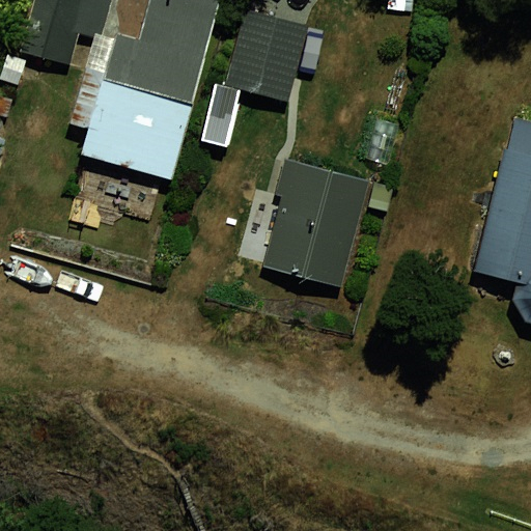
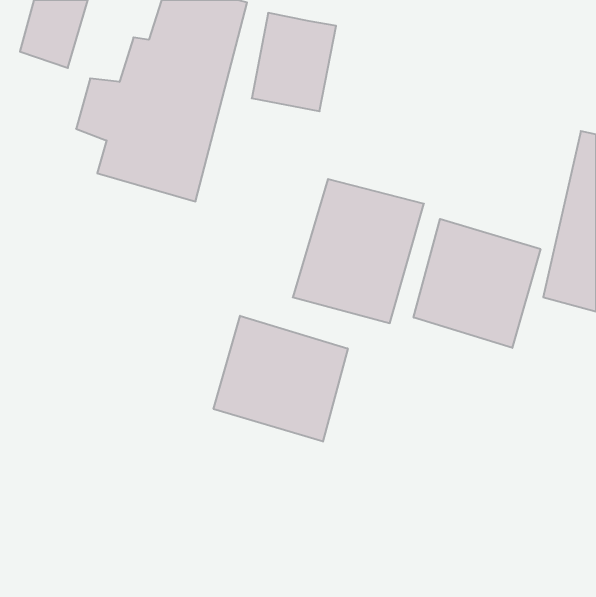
building: none -> [414,219,540,348]
building: none -> [214,316,348,442]

